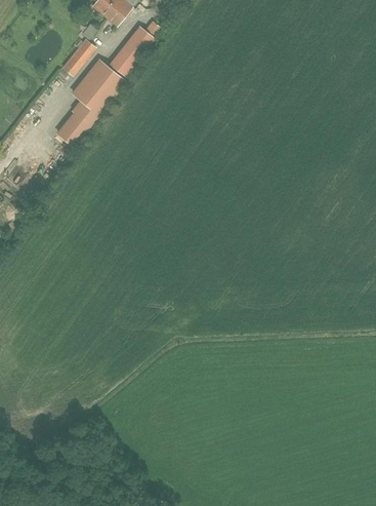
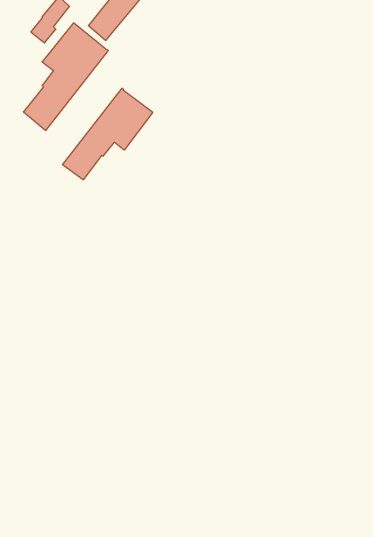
building: none -> [62,88,153,180]

